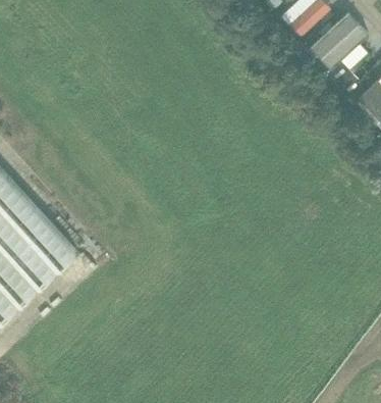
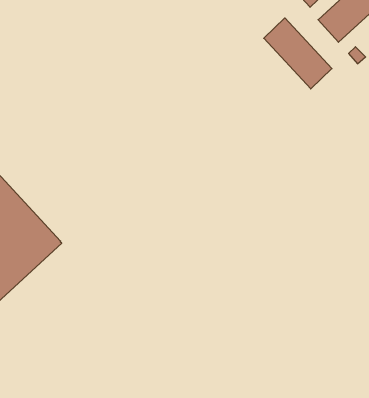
building: none -> [264,18,332,89]

